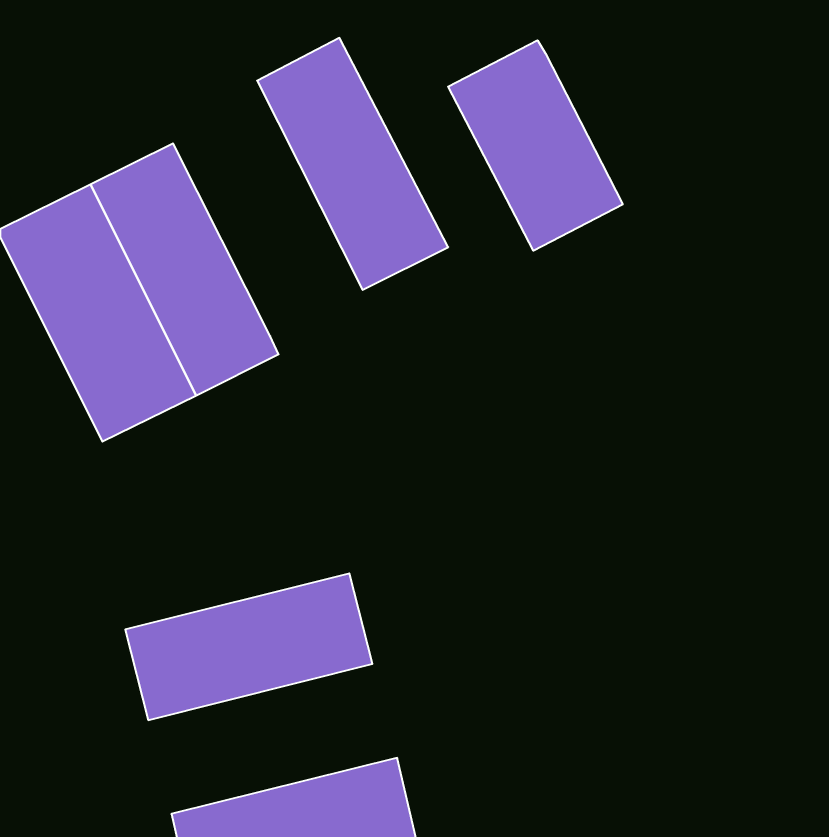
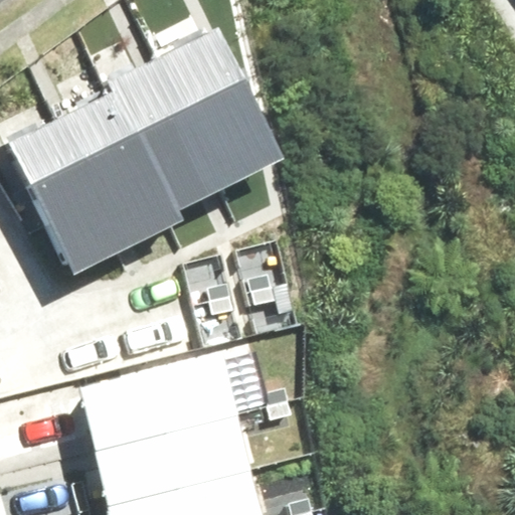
building: [448,40,623,251] -> none
building: none -> [109,52,229,208]
building: none -> [99,408,250,500]

